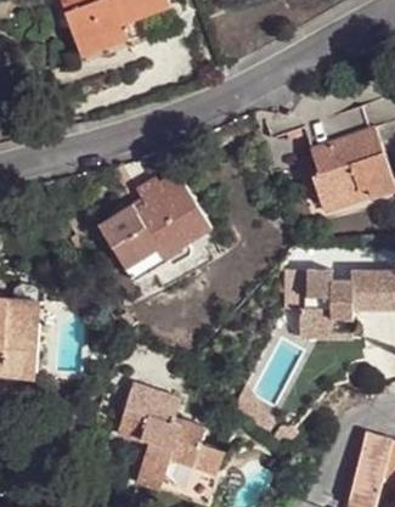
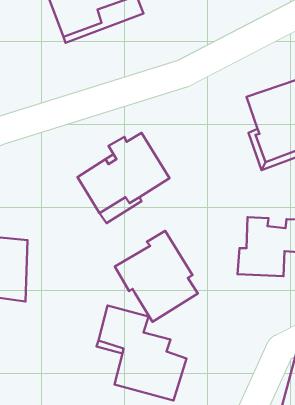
building: none -> [115,231,198,322]

